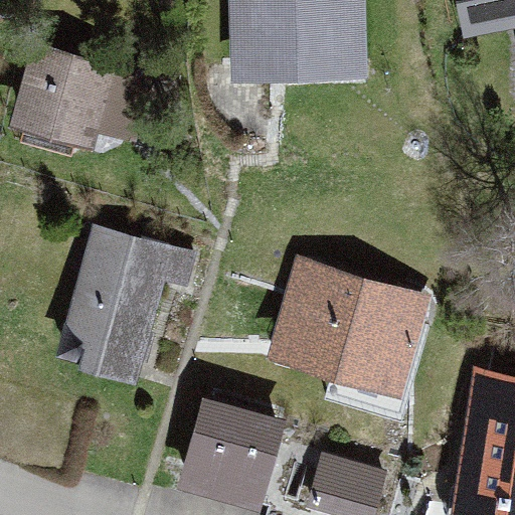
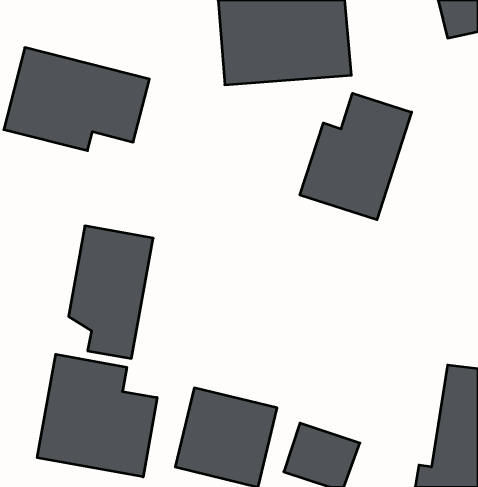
building: none -> [300,93,412,220]
building: [260,248,425,391] -> none
building: none -> [37,354,157,477]

